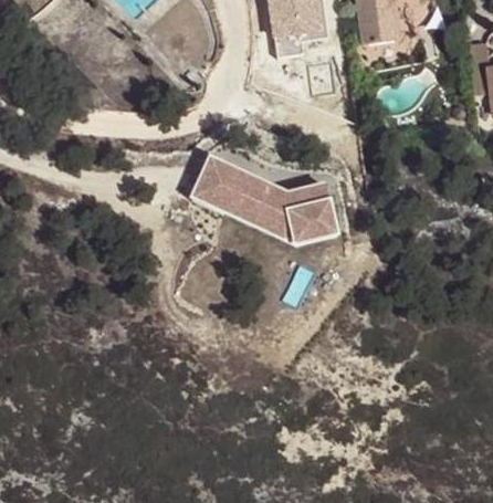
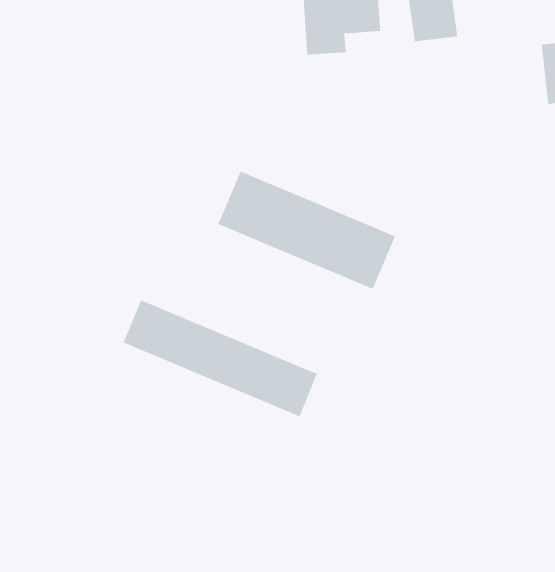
building: none -> [123,299,318,417]

